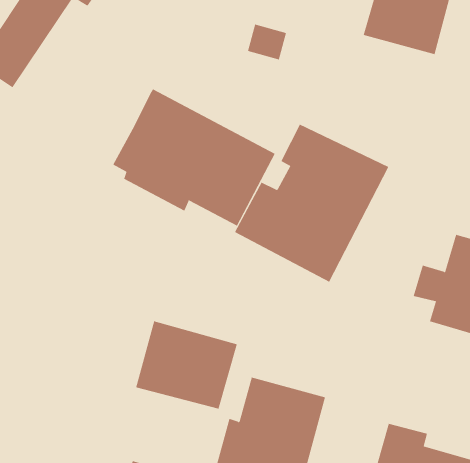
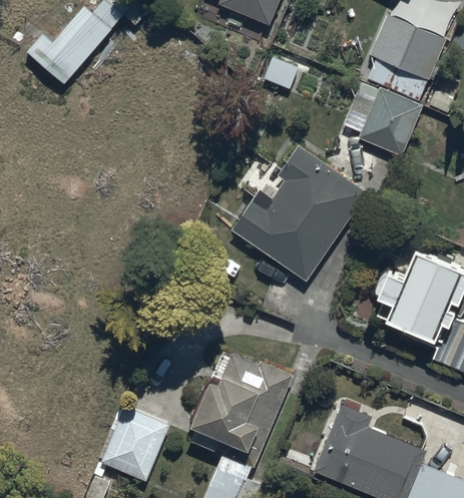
building: none -> [342,78,423,154]
building: [113,89,275,226] -> none
building: [136,320,237,410] -> none

